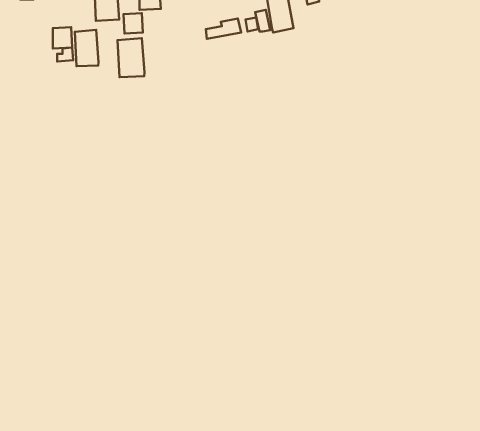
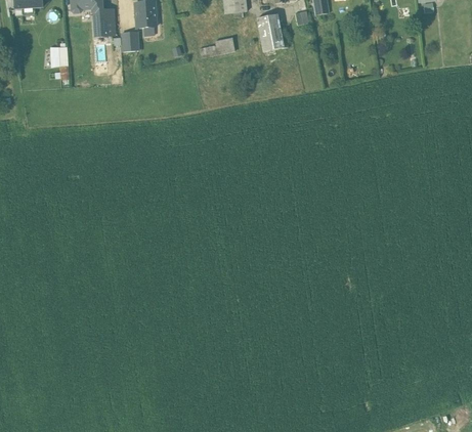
building: [75,30,98,66] -> none
building: [118,38,144,77] -> none

